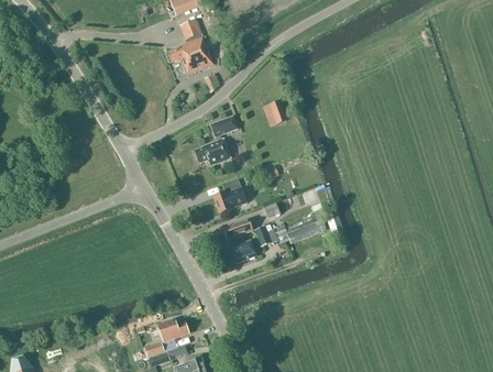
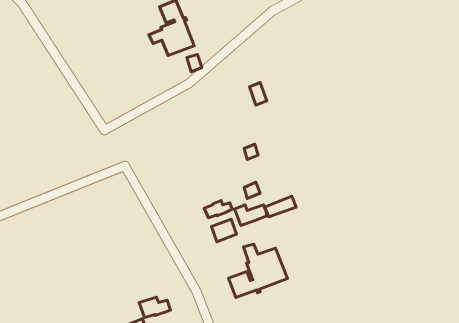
building: [194,116,237,165] -> none
building: [211,177,244,214] -> none
building: none -> [229,244,288,298]

